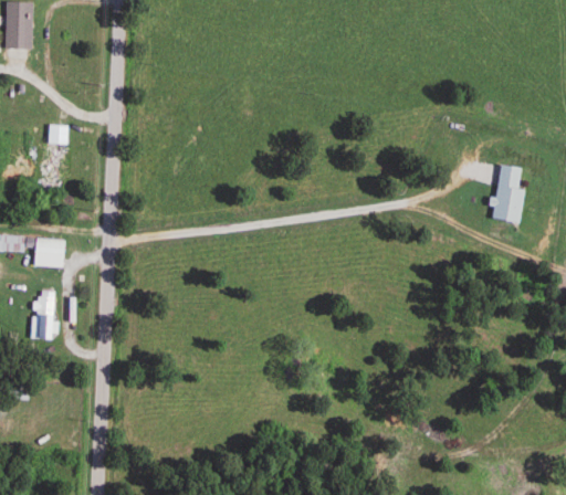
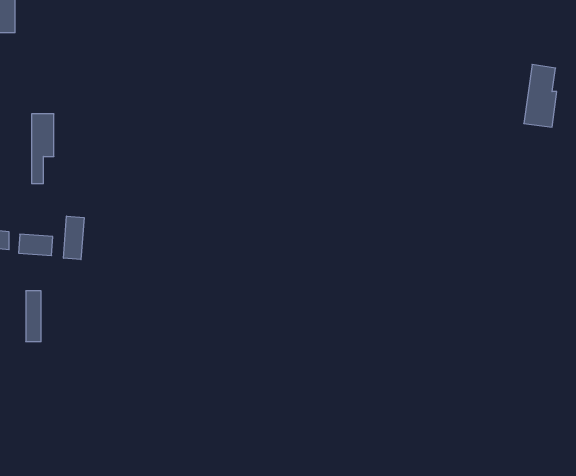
building: [491,165,522,223] -> [524,64,557,127]
building: none -> [64,216,84,260]

